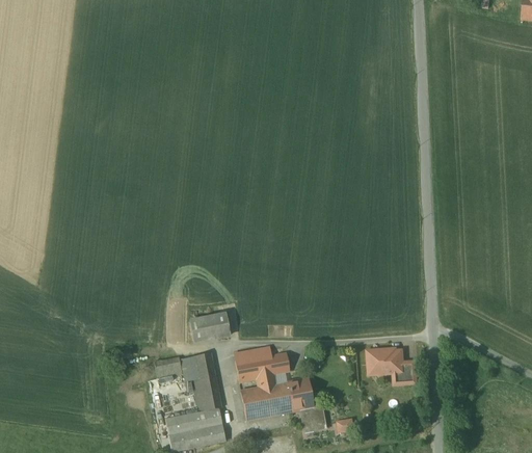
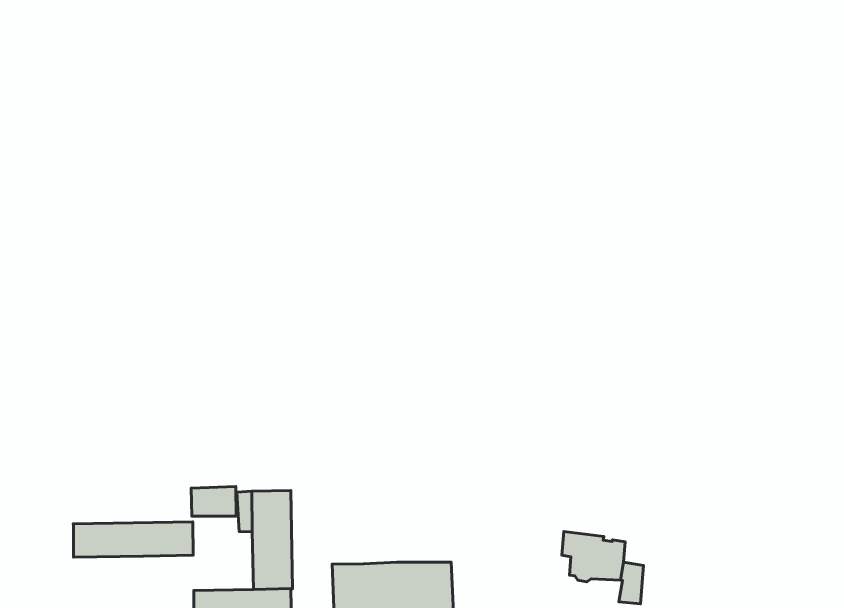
building: [189,313,230,341] -> none
building: [235,350,287,387] -> none
building: none -> [73,522,193,557]

